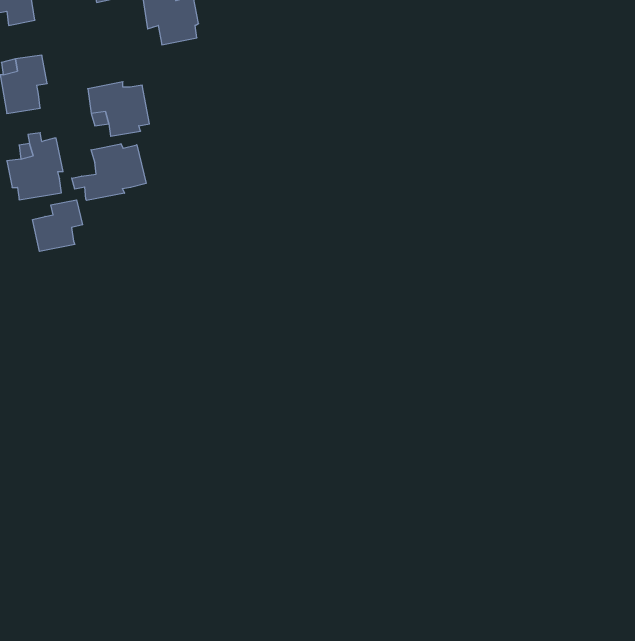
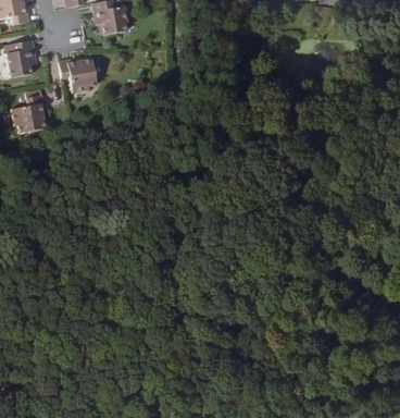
building: [72,144,146,200] -> none
building: [33,200,83,251] -> none

